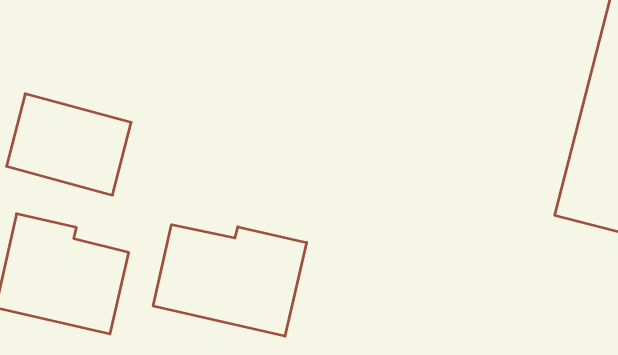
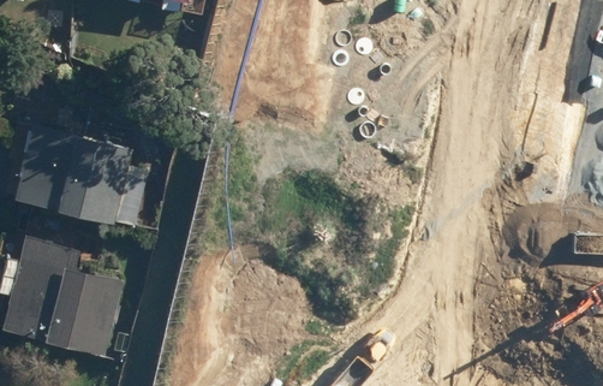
building: [153,225,307,336] -> none

